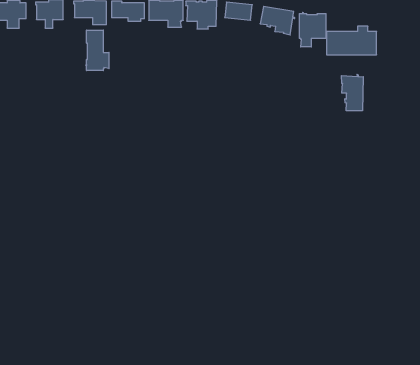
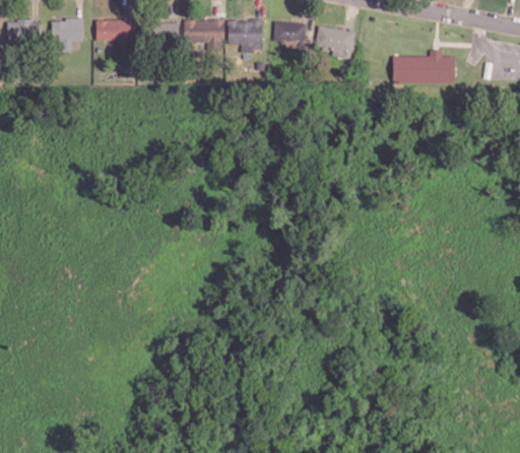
building: [299,12,326,47] -> none
building: [86,30,109,71] -> none
building: [341,74,363,111] -> none

